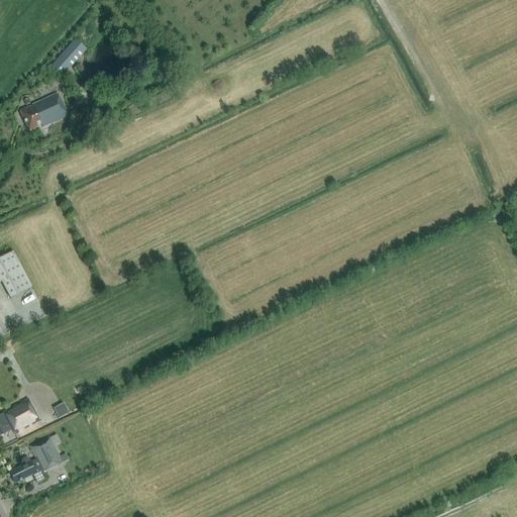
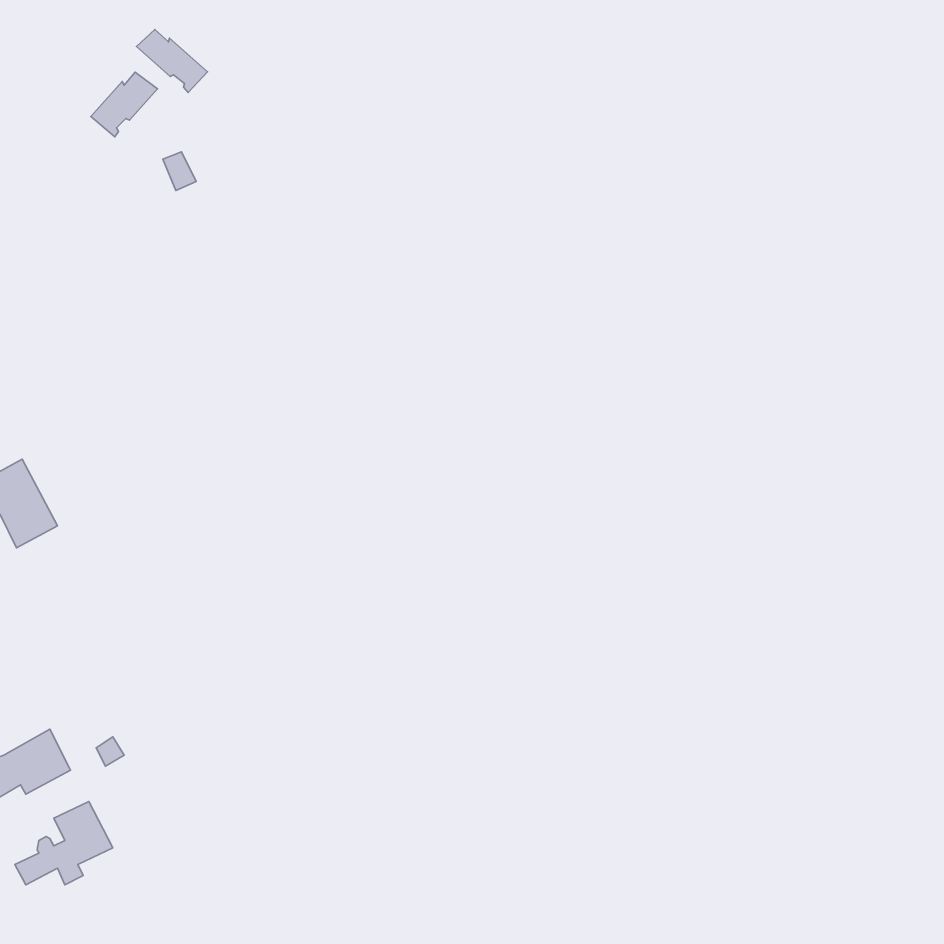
building: none -> [137,30,208,93]
building: [18,93,67,130] -> none

